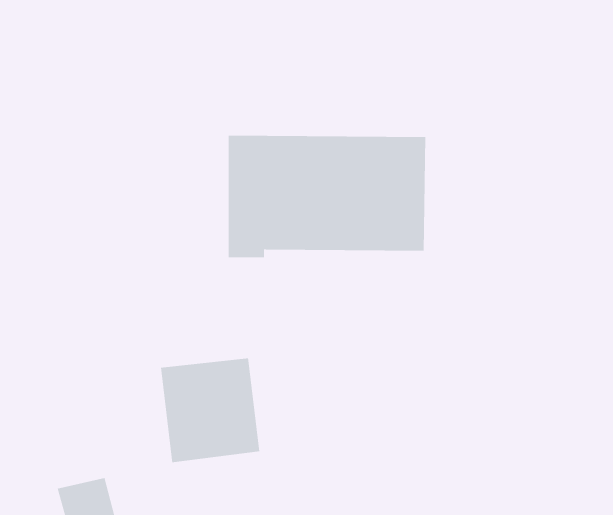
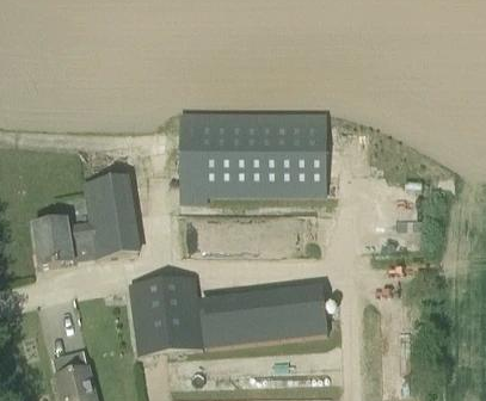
building: none -> [33,173,139,265]
building: none -> [203,289,328,345]

